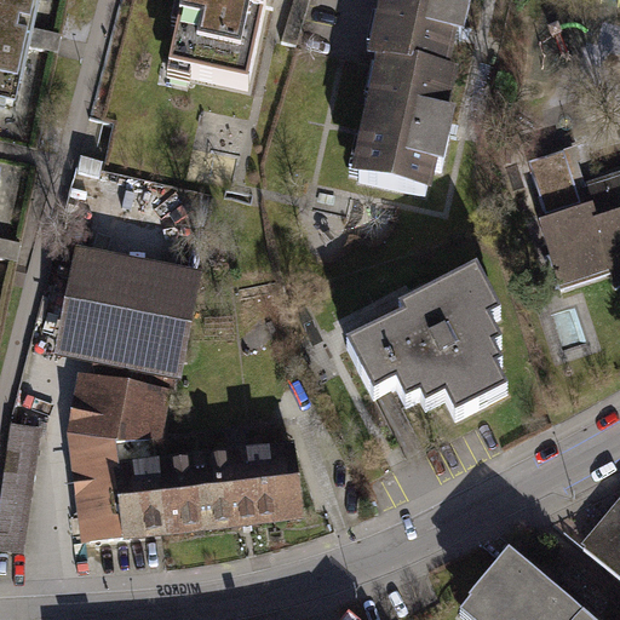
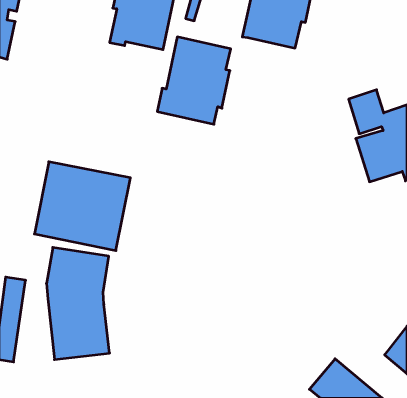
building: [345,57,457,189] -> [157,37,231,124]
building: [348,258,510,408] -> none
building: [157,446,302,534] -> none

